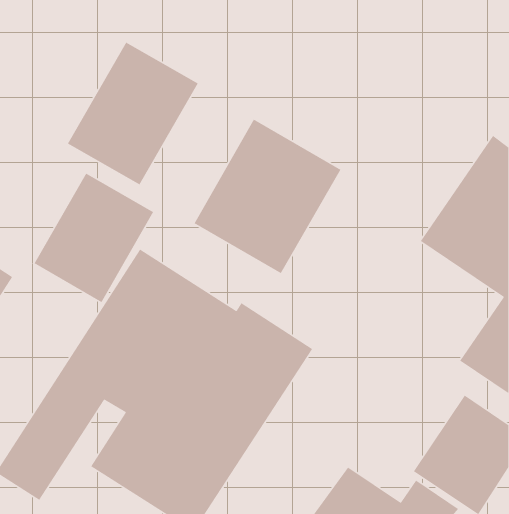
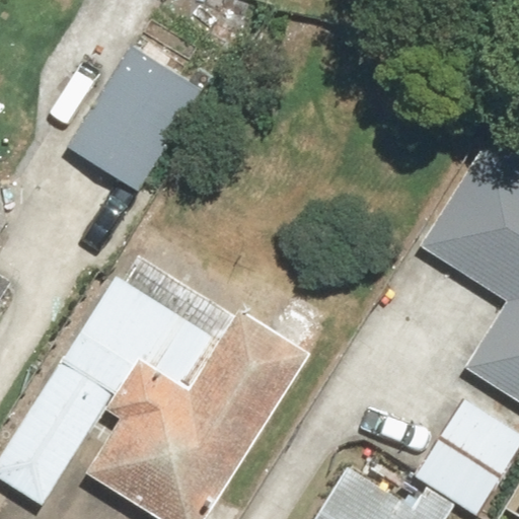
building: [193,119,341,274] -> none
building: [34,172,154,303] -> none

